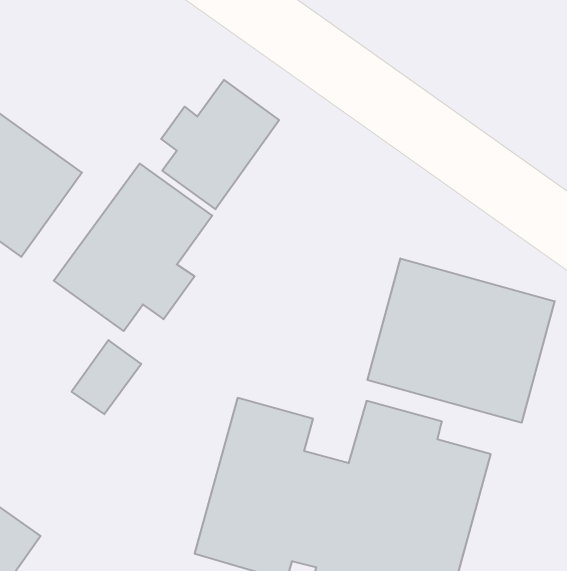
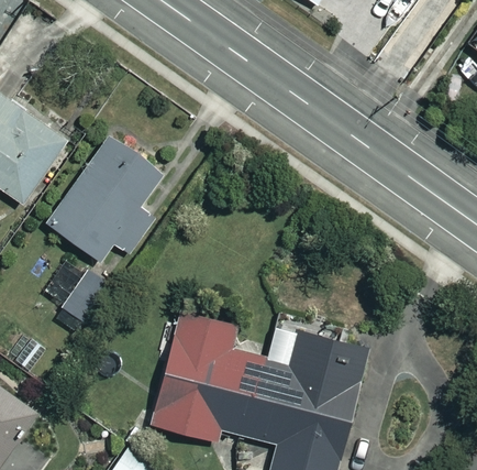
building: [161,80,279,209] -> none
building: [367,258,555,423] -> none

